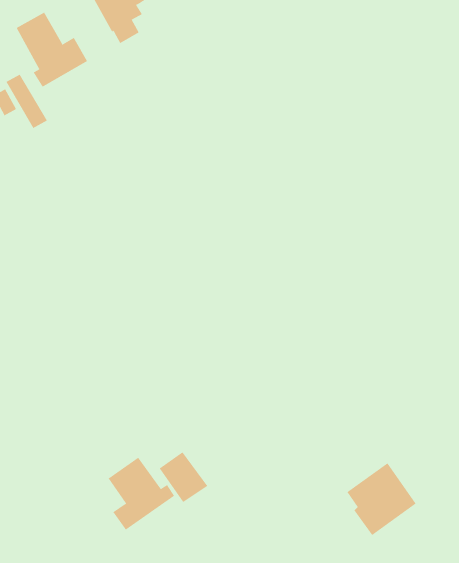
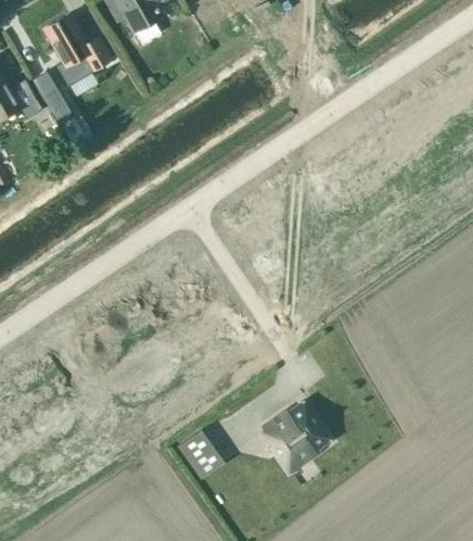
building: [108,457,175,530] -> none
building: [347,462,416,536] -> [264,401,330,470]

